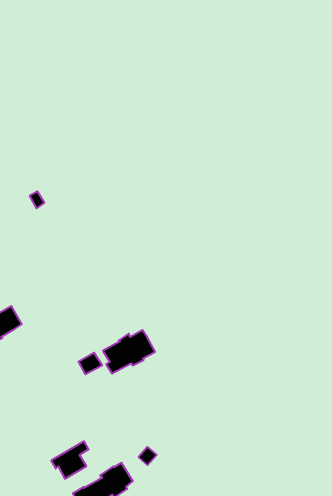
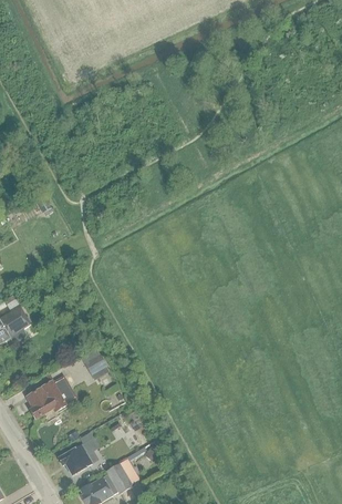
building: [103,330,155,373] -> [25,377,76,419]

